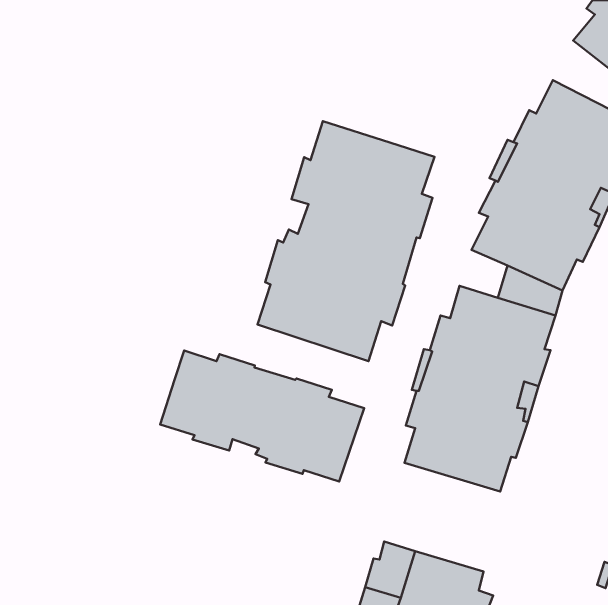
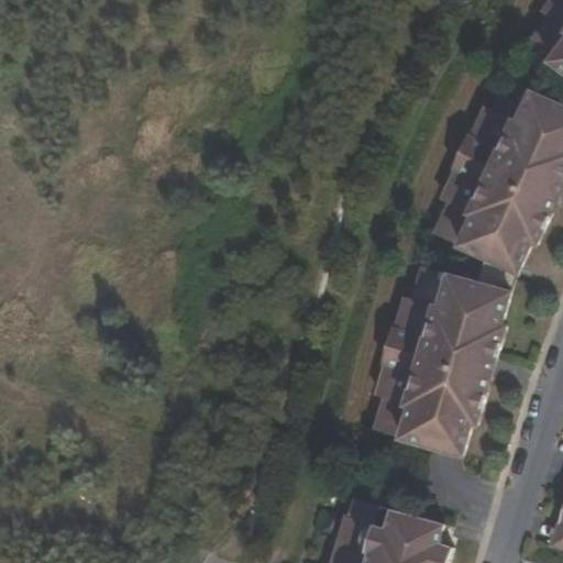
building: [258,121,434,361] -> none
building: [160,350,364,482] -> none

